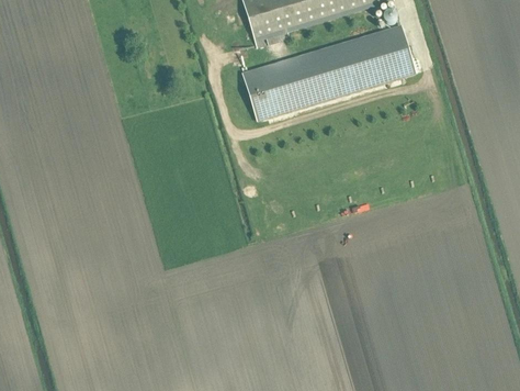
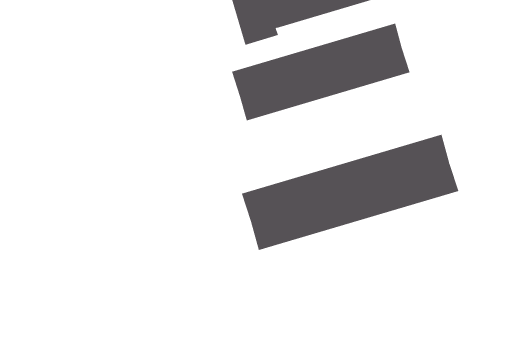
building: none -> [241,134,459,251]

